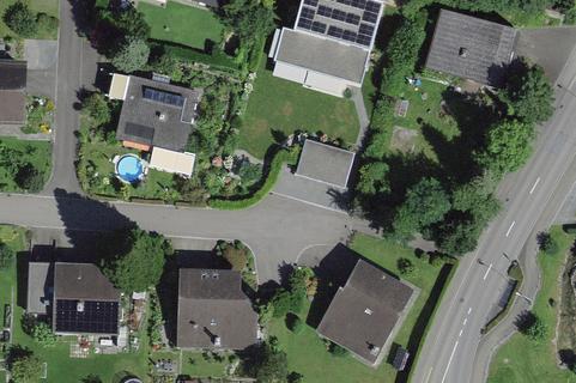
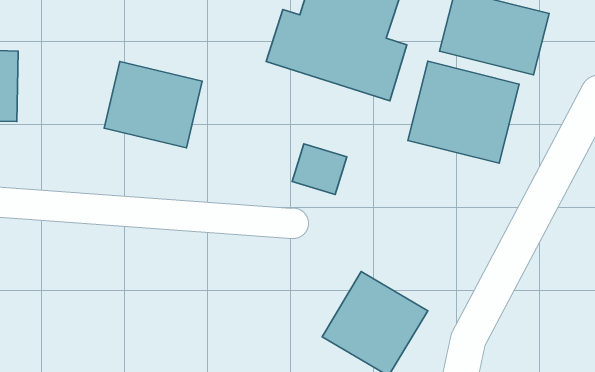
building: none -> [408,61,519,163]
building: [47,261,116,333] -> none
building: [172,273,247,348] -> none

